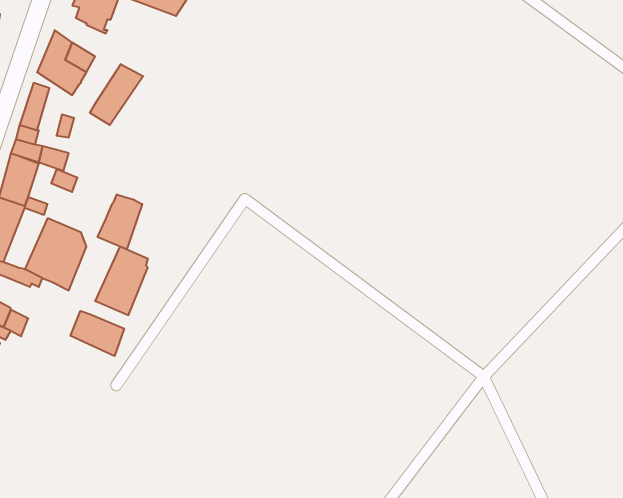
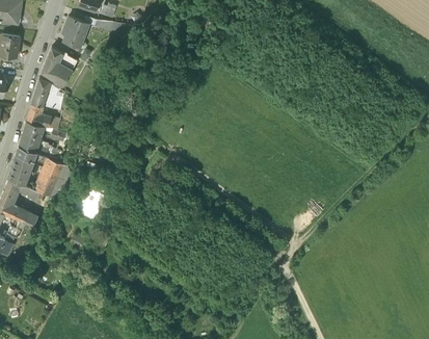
building: [90,64,143,125] -> none
building: [98,194,142,249] -> none
building: [71,311,124,356] -> none

